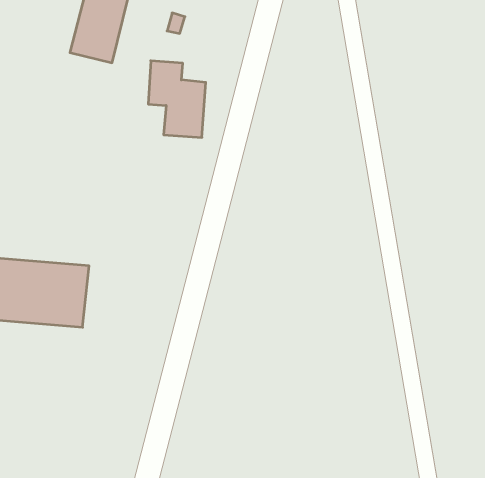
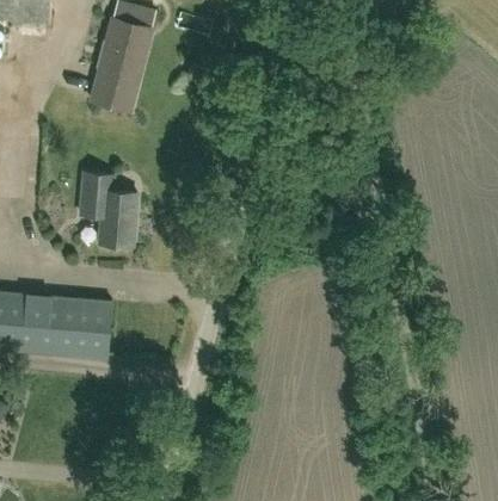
building: [148,61,206,137] -> [80,172,134,243]

